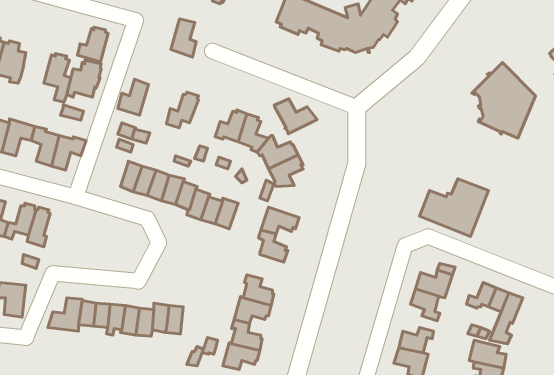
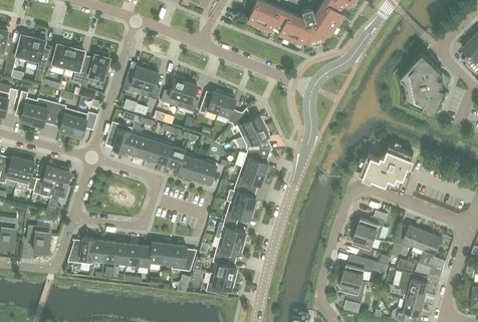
building: [171,19,196,57] -> [140,70,160,100]
building: [77,27,108,62] -> [46,42,70,69]
building: [274,99,317,134] -> none
building: none -> [177,82,198,112]
building: none -> [108,121,132,152]
building: none -> [241,149,268,175]
building: none -> [224,202,253,223]
building: none -> [171,245,194,271]

